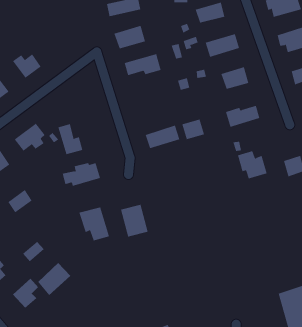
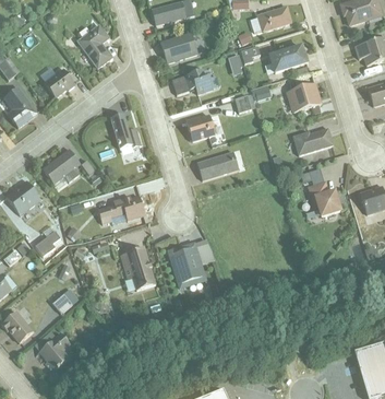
building: none -> [75,22,112,67]
building: [182,119,205,140] -> [188,113,215,138]
building: [57,124,83,155] -> [109,113,140,150]
building: [38,262,71,296] -> none

